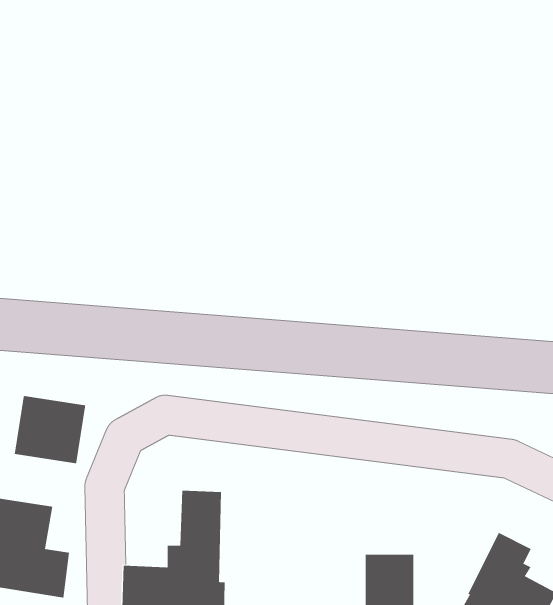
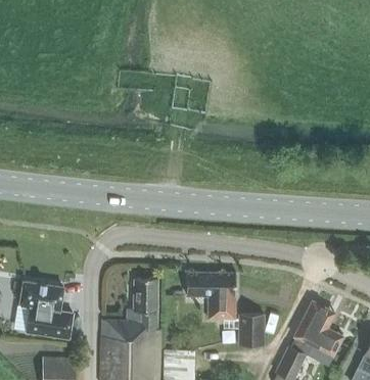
building: [14,395,86,464] -> none
building: none -> [185,273,235,320]

